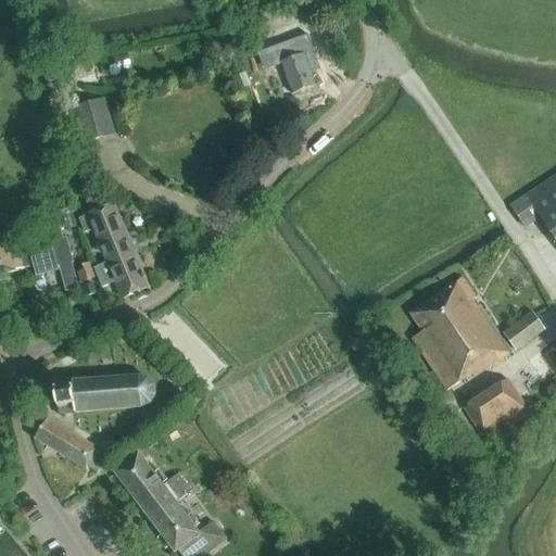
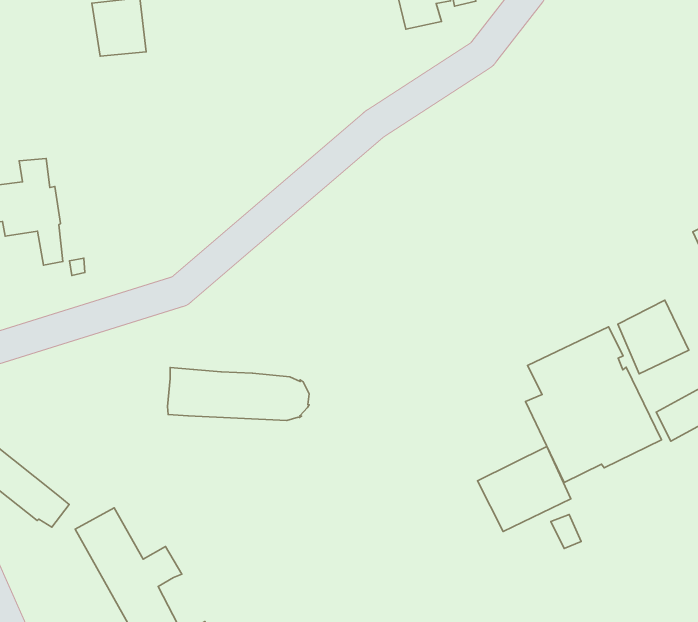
building: [79,203,147,295] -> none
building: none -> [618,300,689,374]
building: [55,375,155,413] -> [168,368,309,420]
building: [464,377,530,440] -> [477,447,571,532]

